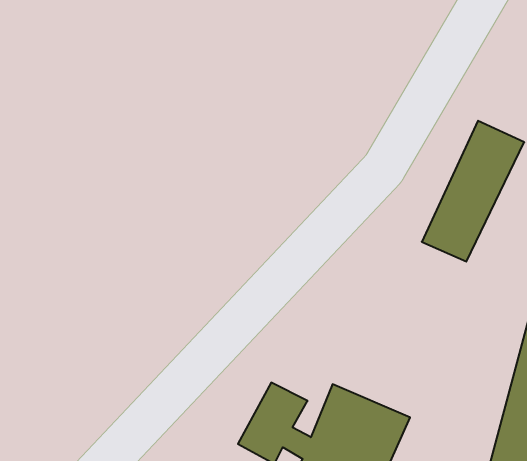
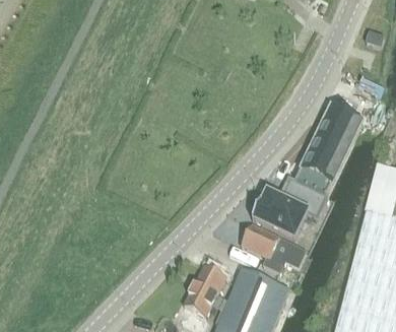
building: none -> [254,180,324,238]
building: none -> [242,225,306,273]

